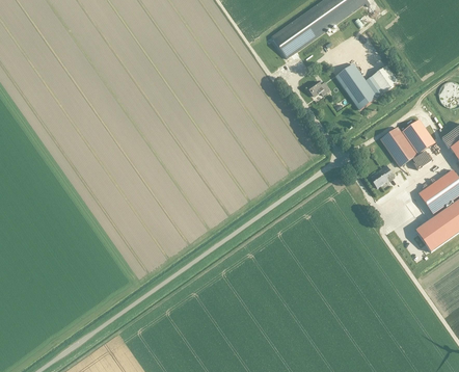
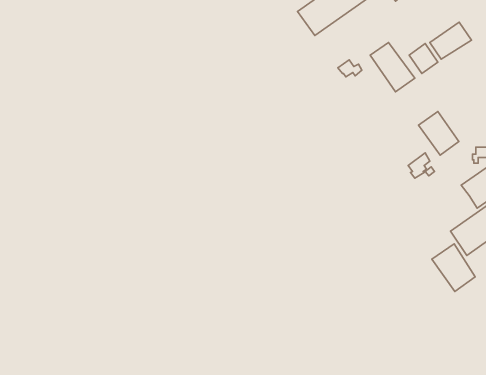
building: none -> [430,22,471,59]
building: [402,118,435,153] -> none
building: none -> [432,244,475,291]

